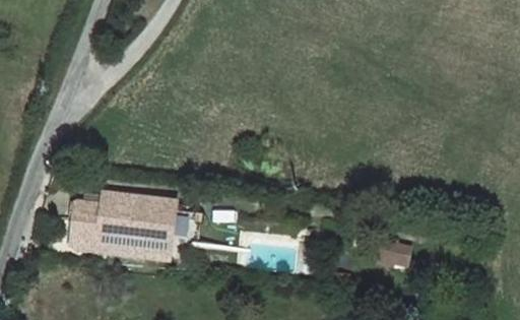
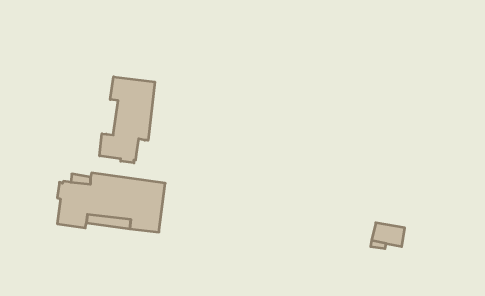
building: none -> [100,77,155,163]

